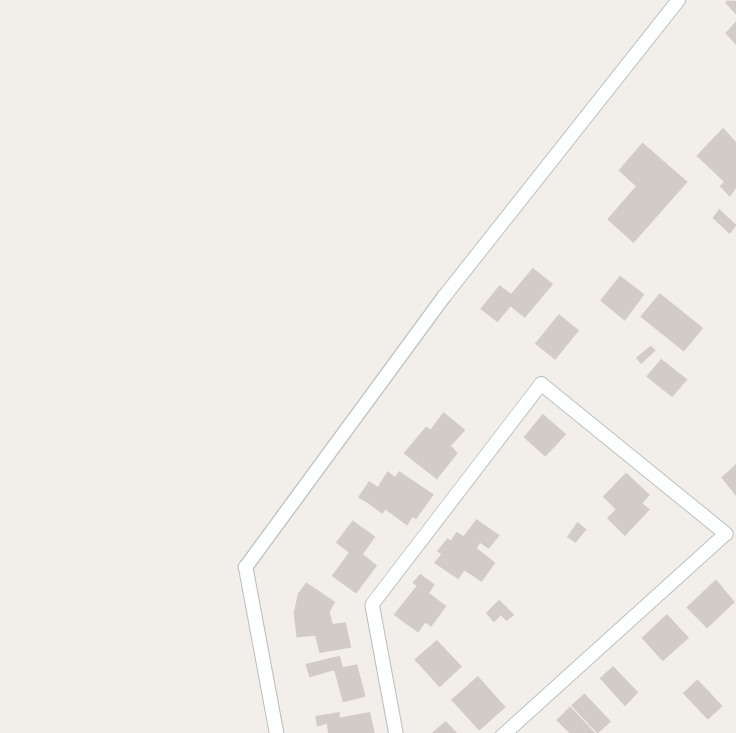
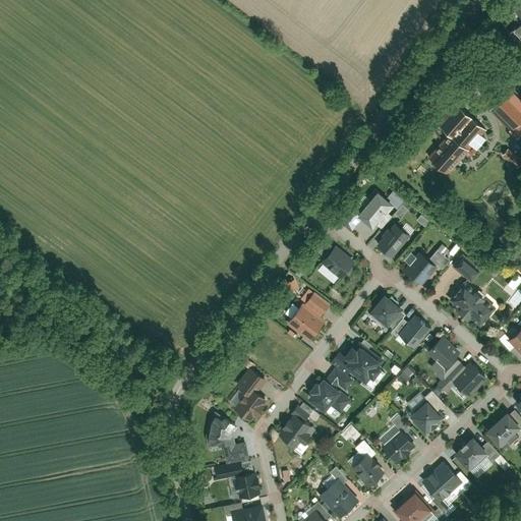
building: [599,274,645,322] -> [404,252,437,286]
building: [639,292,704,353] -> [450,283,496,326]
building: none -> [322,246,354,279]
building: none -> [398,315,431,349]
building: [357,470,435,526] -> [330,345,385,385]
building: none -> [451,362,487,399]
building: none -> [408,392,445,437]
building: none -> [382,416,416,464]
building: [414,639,463,688] -> [350,455,385,489]
building: [682,679,724,720] -> [433,462,463,491]

